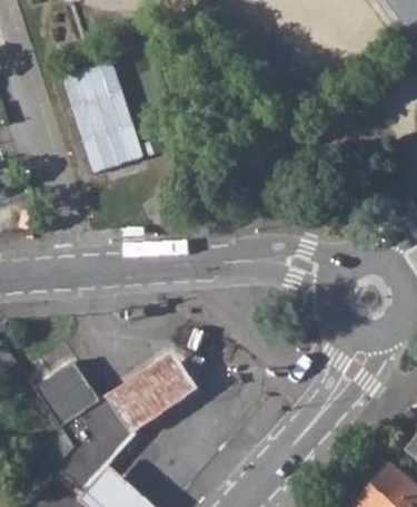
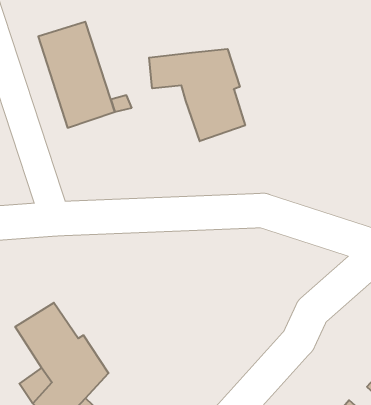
building: none -> [149,49,245,141]
building: [108,348,203,435] -> none

